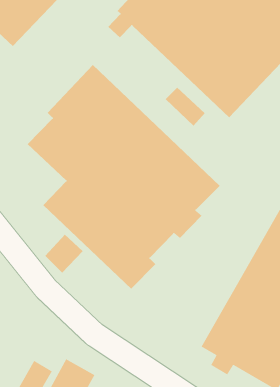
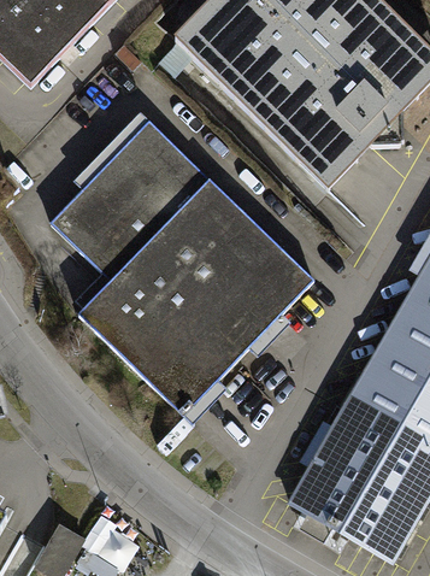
building: [165,87,205,126] -> none
building: [44,234,83,273] -> none

